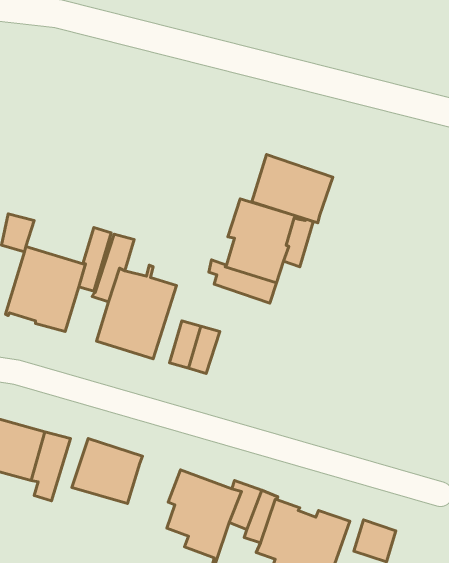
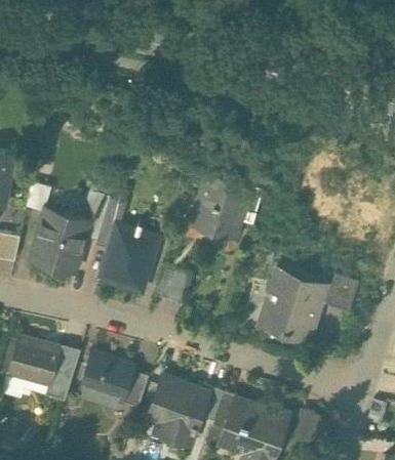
building: [252,154,333,223] -> none
building: none -> [260,267,325,338]
building: none -> [324,274,357,312]
building: none -> [121,371,148,407]

